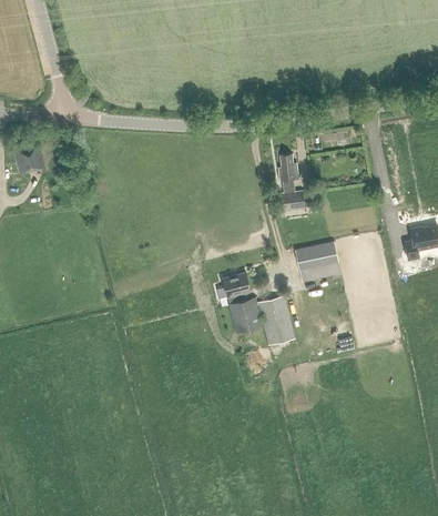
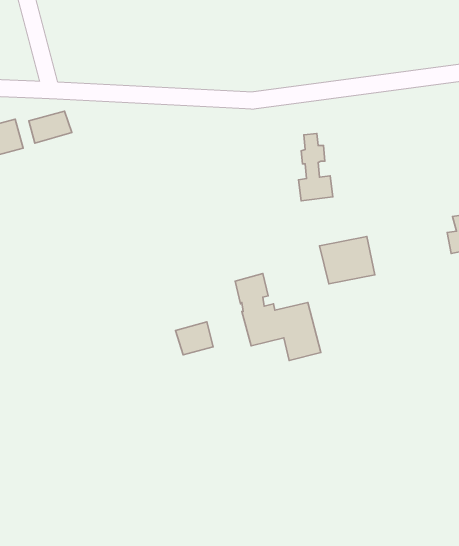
building: none -> [29,111,72,143]
building: none -> [176,322,213,355]

